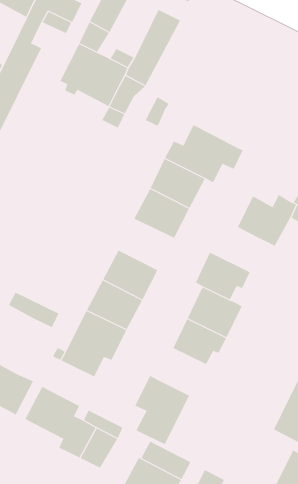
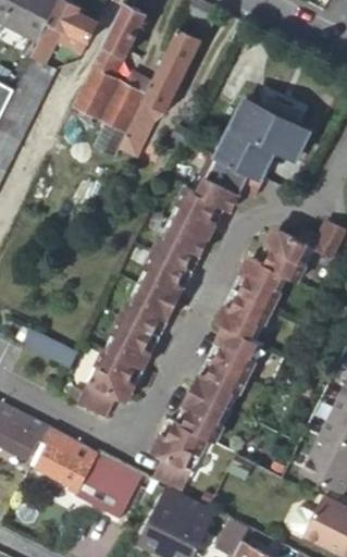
building: none -> [222,98,312,176]
building: none -> [136,251,196,306]
building: none -> [233,255,287,308]
building: none -> [177,388,230,443]

